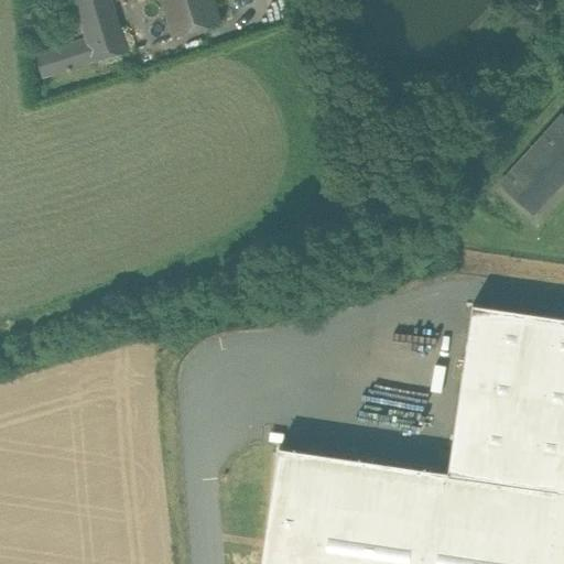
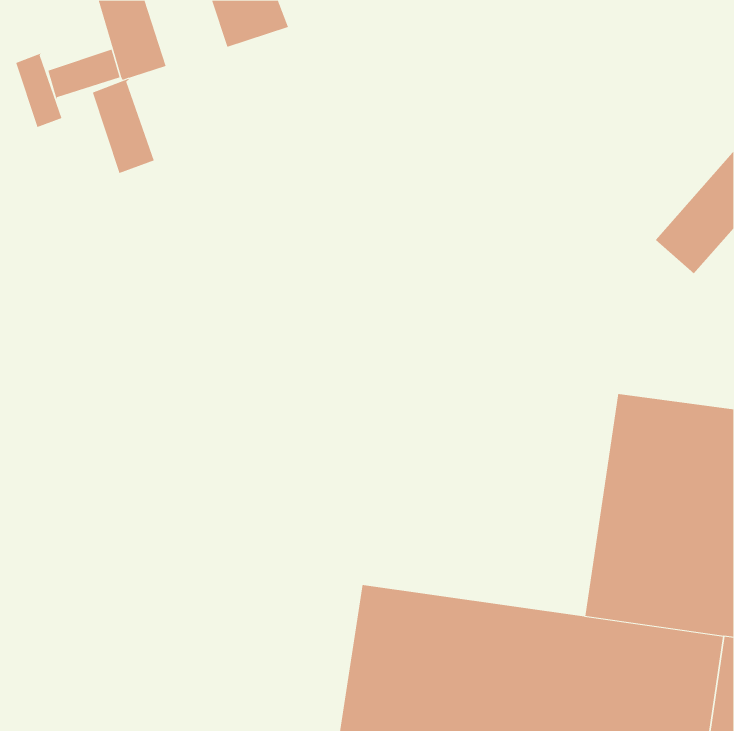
building: none -> [15,52,62,128]
building: none -> [92,78,154,174]

